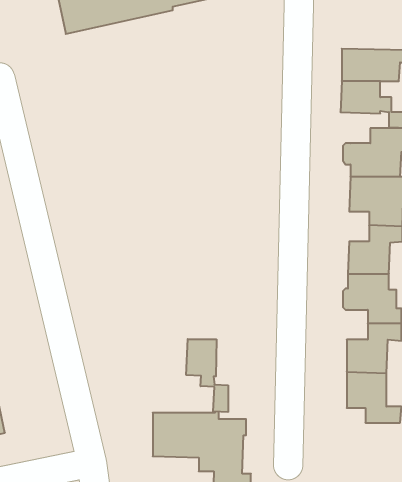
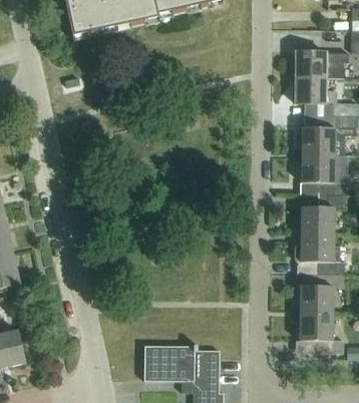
building: [186,339,228,412] -> none

